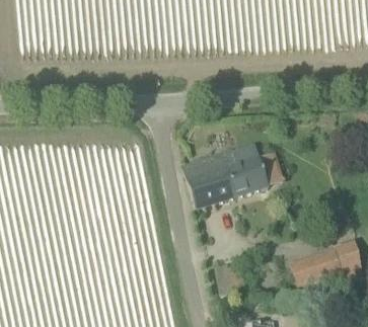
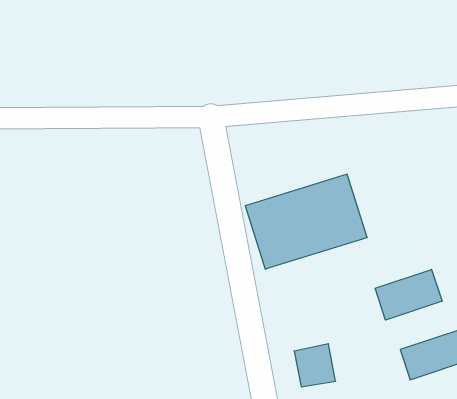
building: none -> [375,269,442,320]

